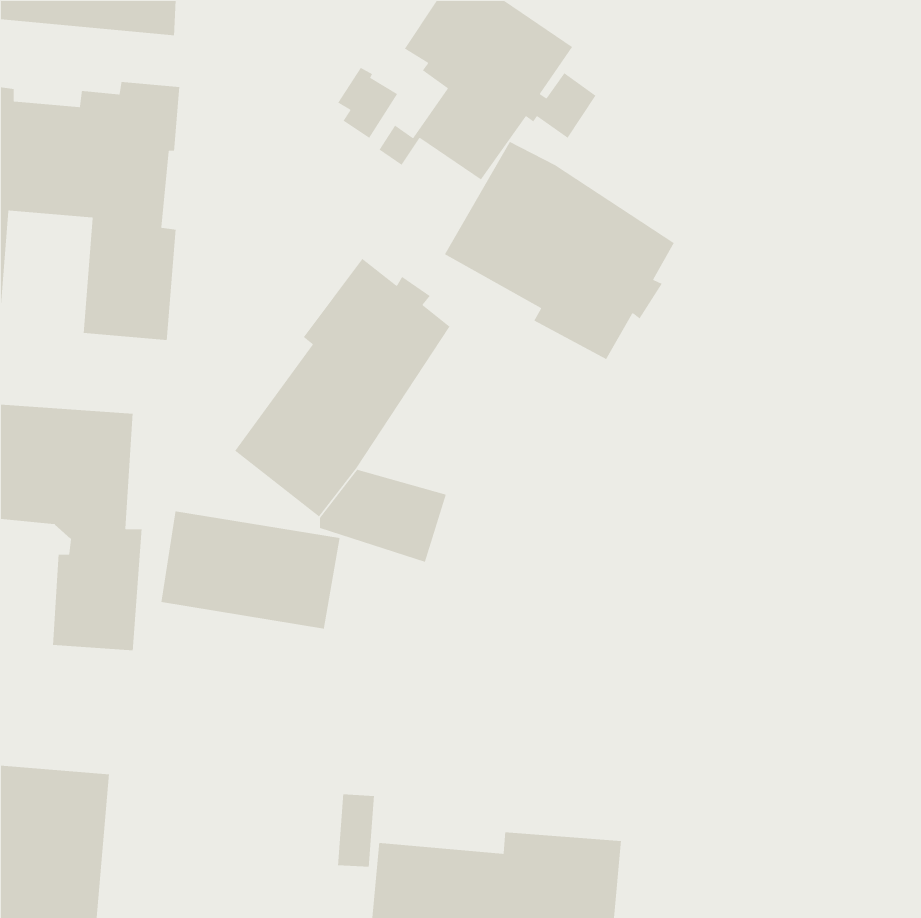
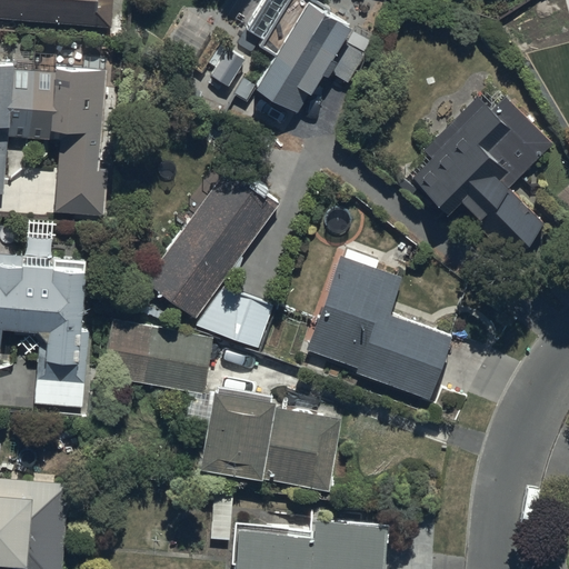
building: [444,141,675,360] -> none
building: none -> [412,97,555,257]
building: none -> [306,254,451,400]
building: none -> [200,390,343,495]

